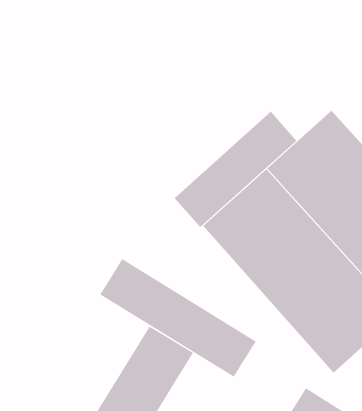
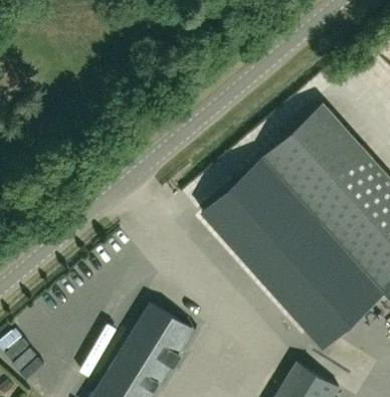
building: [174,111,297,228] -> none
building: [99,258,256,378] -> none

